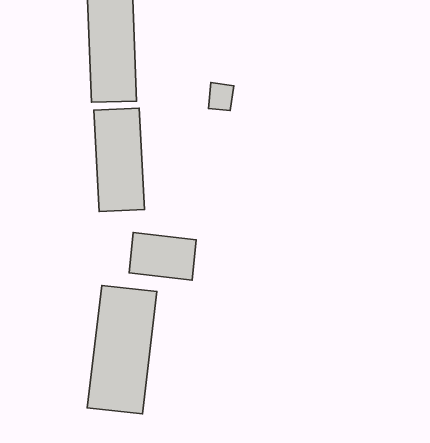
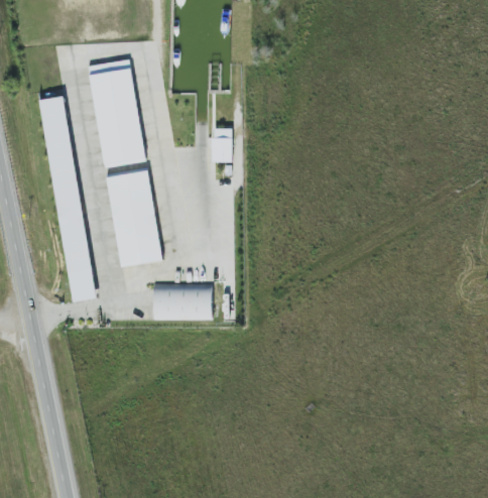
building: none -> [42,97,93,302]
building: [87,285,157,414] -> none

